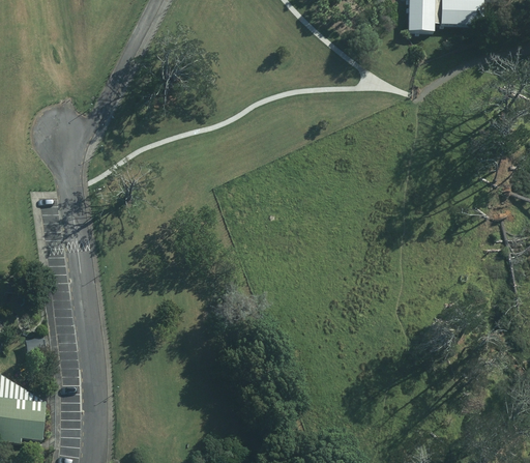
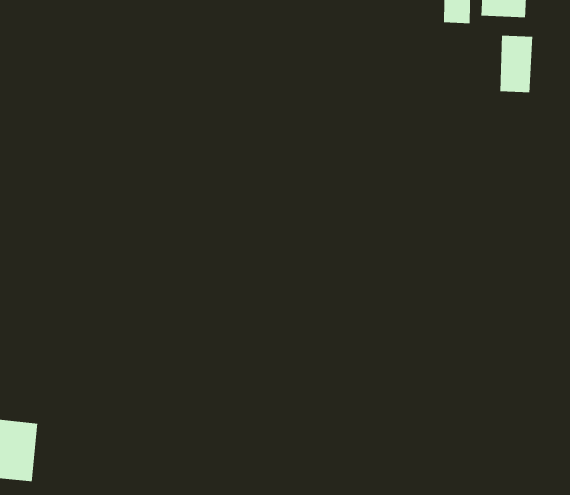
building: none -> [499,35,533,93]

